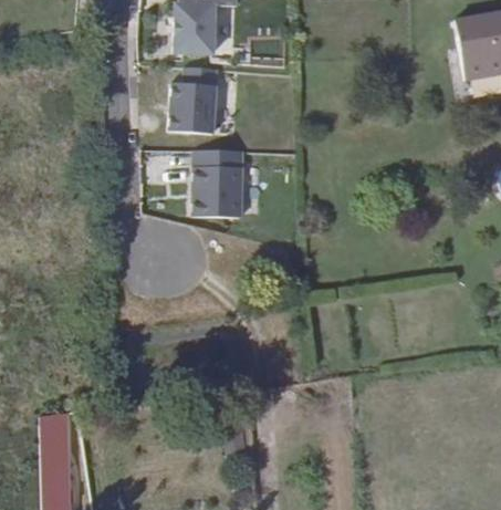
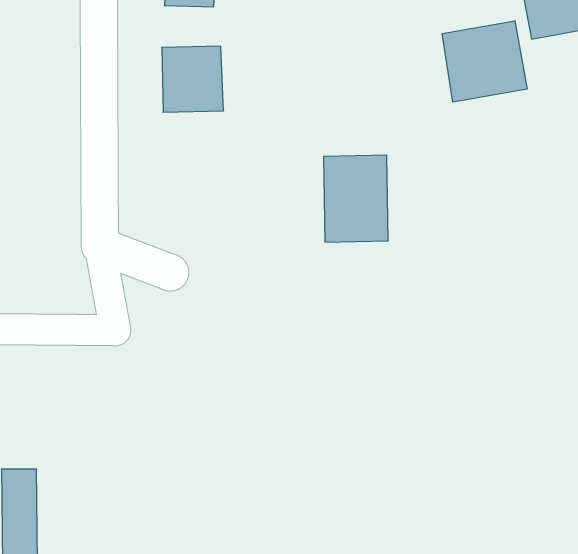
building: none -> [442,21,527,102]
building: [196,152,247,220] -> [324,155,388,242]

